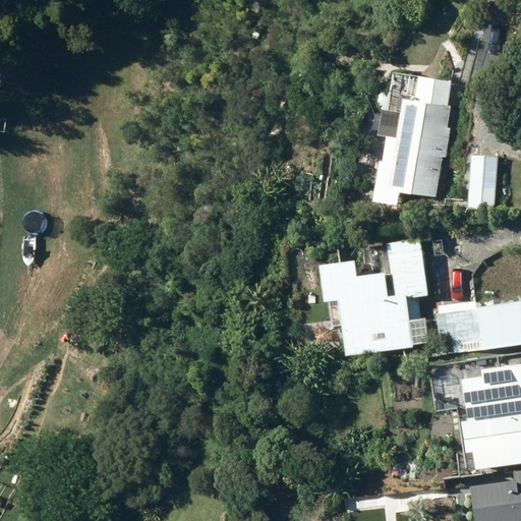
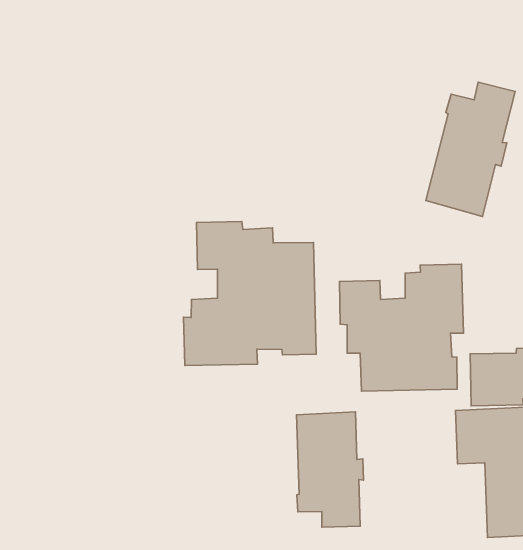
building: none -> [184,221,316,365]
building: none -> [297,412,363,527]

